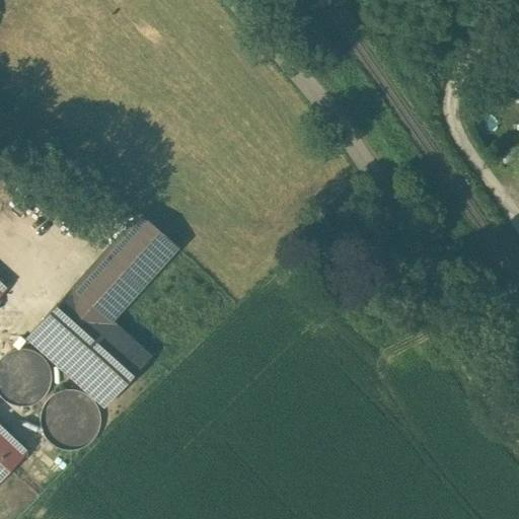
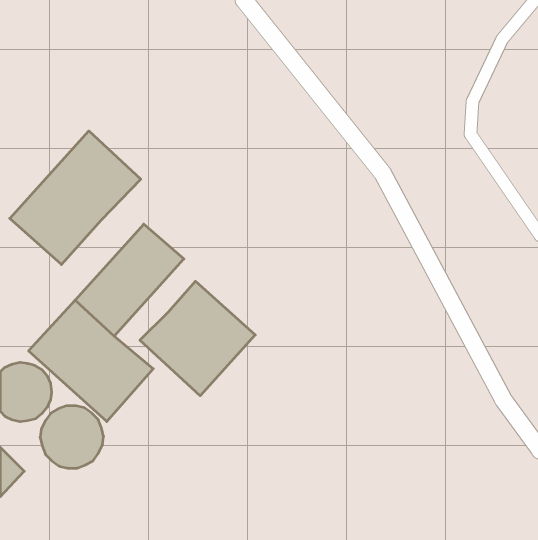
building: none -> [10,131,141,265]
building: none -> [140,281,255,396]

